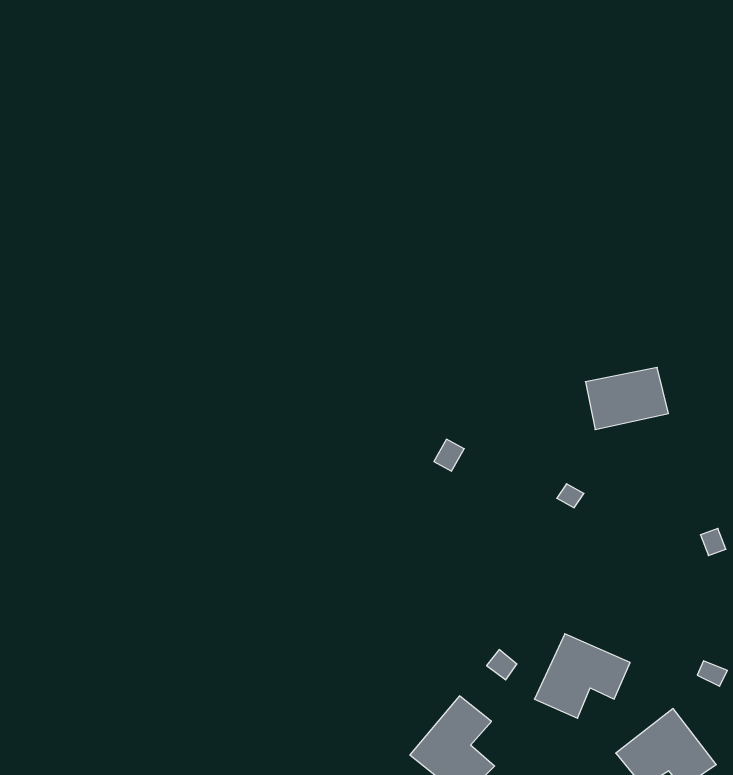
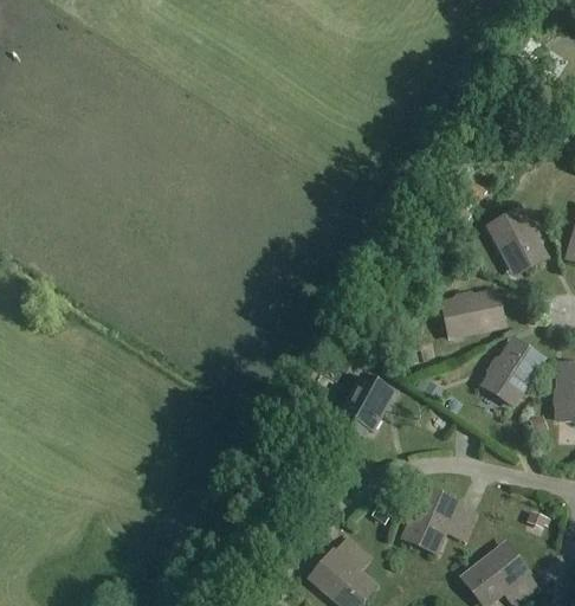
building: none -> [489,209,544,273]
building: none -> [483,339,542,404]
building: none -> [337,375,389,431]

